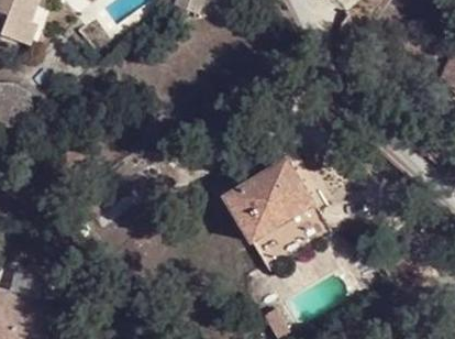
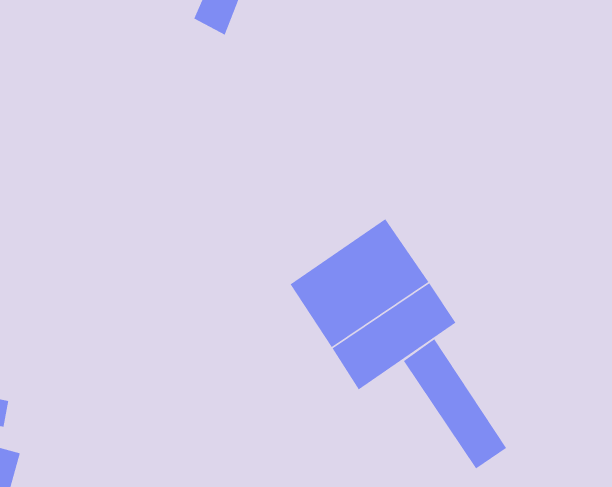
building: none -> [403,338,507,470]

